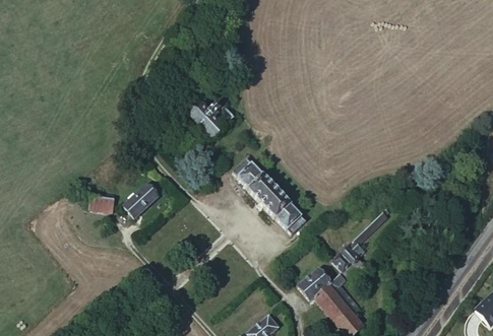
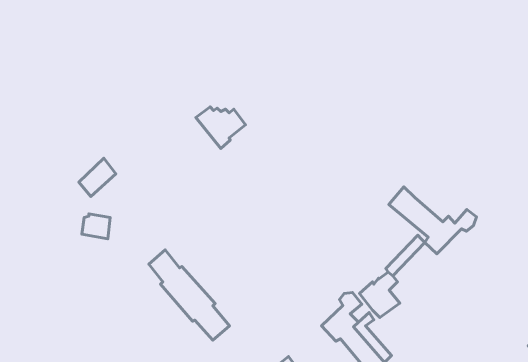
building: [234,157,303,234] -> [149,250,229,340]
building: none -> [389,187,476,254]
building: [126,186,158,218] -> [79,158,116,196]

